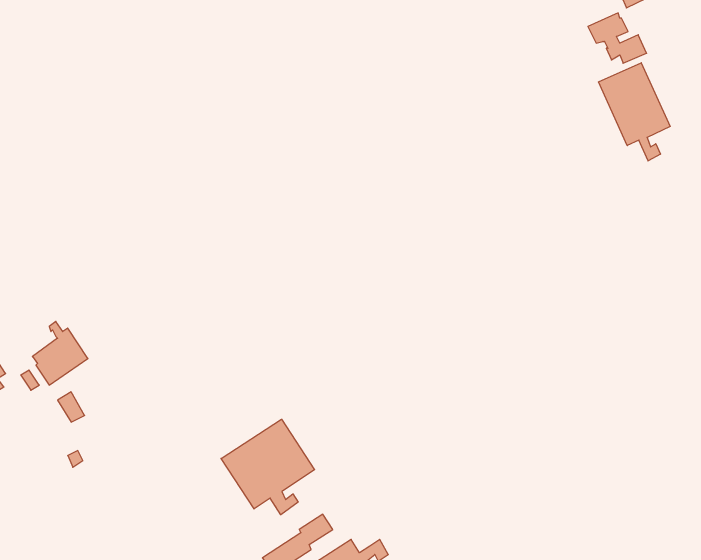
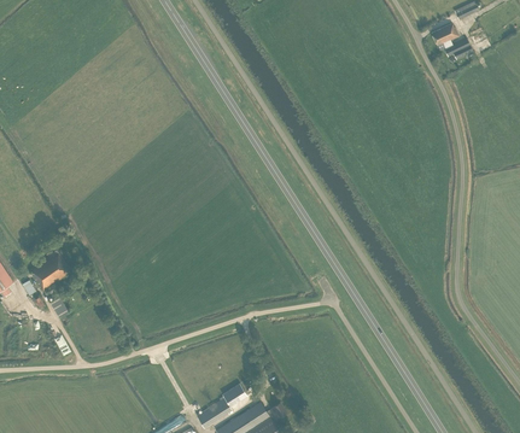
building: [598,63,670,161] -> none
building: [221,419,315,515] -> none

